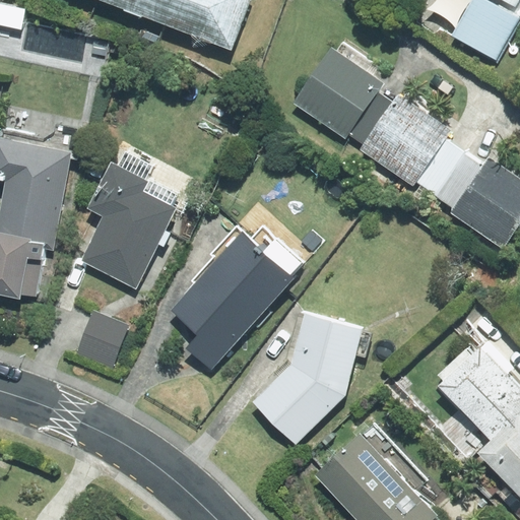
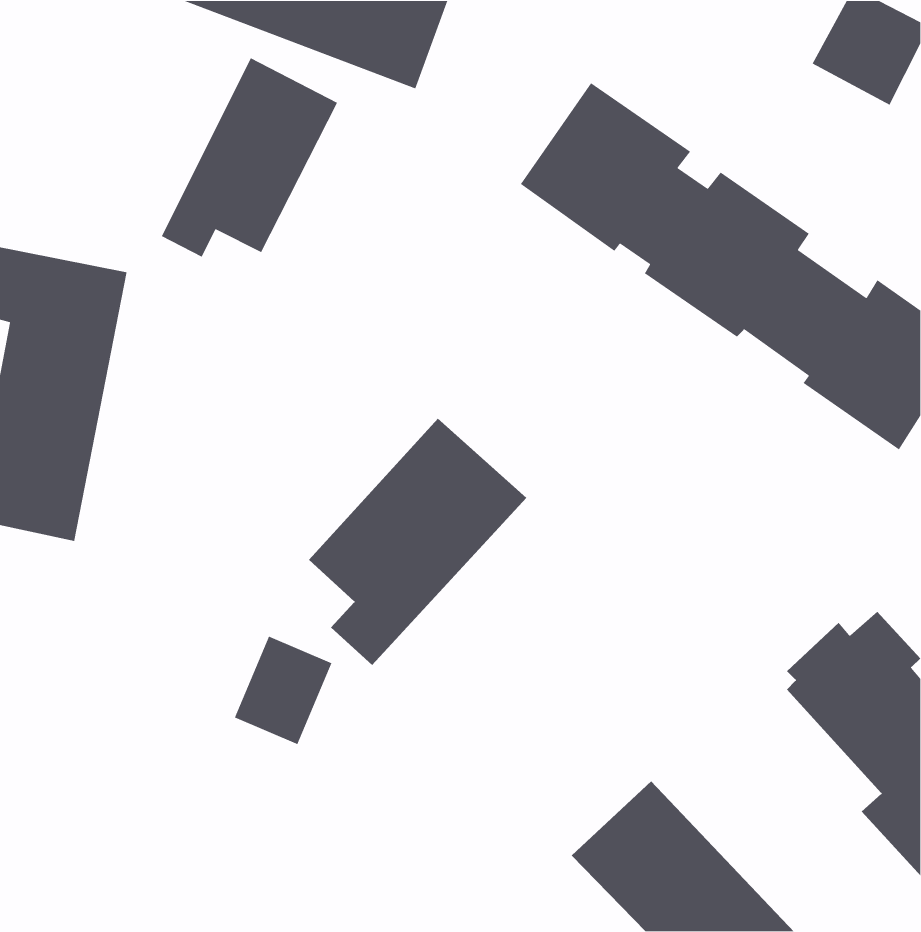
building: none -> [161,57,338,258]
building: [79,145,190,288] -> none
building: [73,309,128,370] -> [234,636,332,745]
building: [253,317,362,442] -> none

